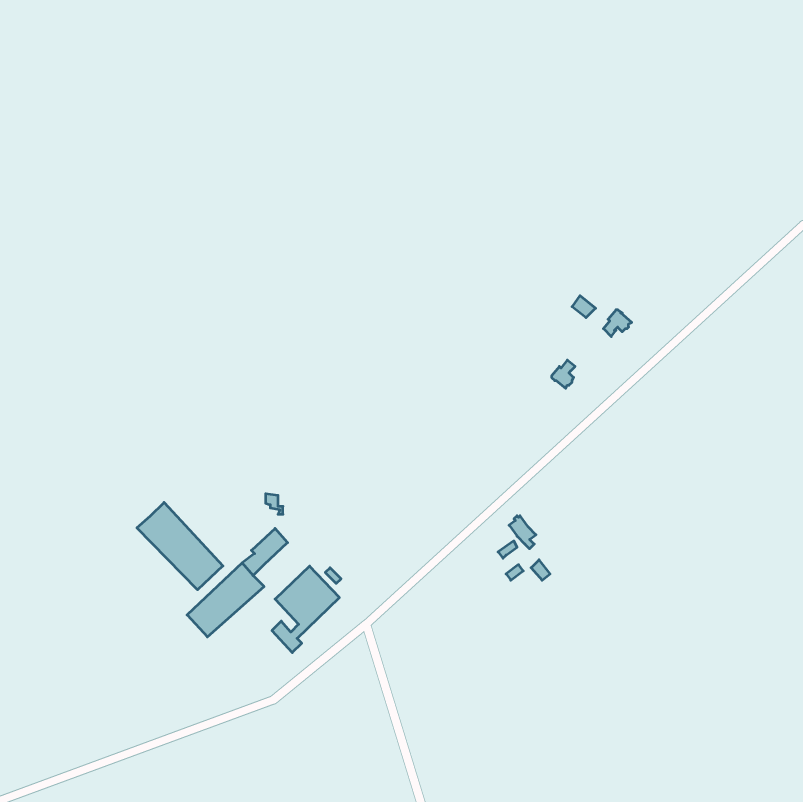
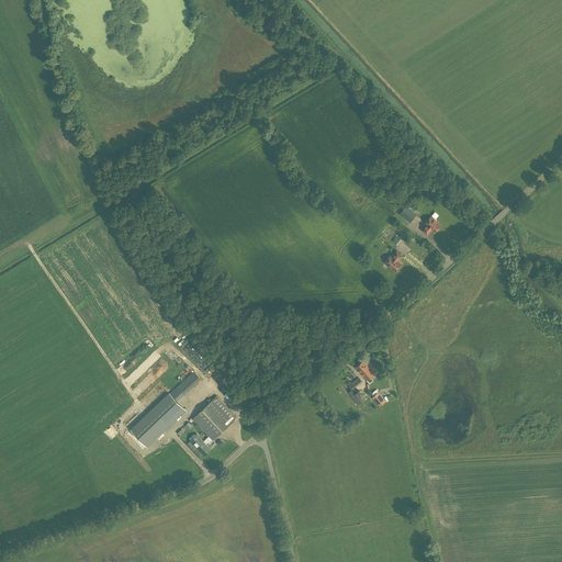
building: [137,502,223,590] -> none

